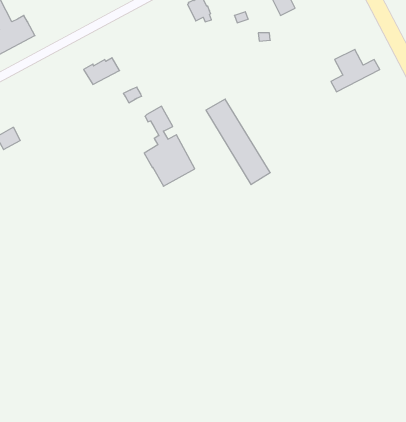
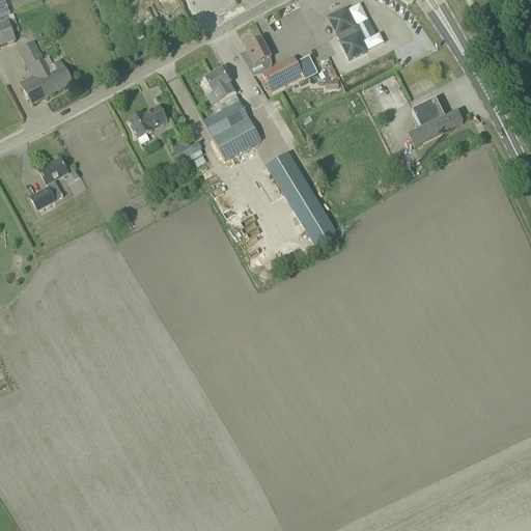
building: none -> [262,56,303,89]
building: none -> [38,158,67,199]
building: [144,106,195,186] -> [202,67,259,158]

